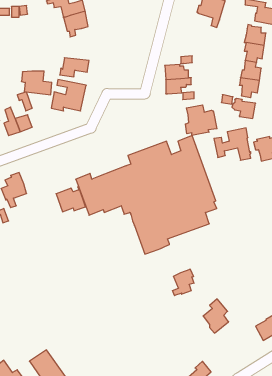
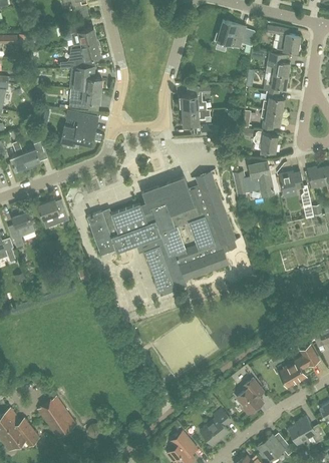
building: [21,71,52,95] -> [70,66,102,91]
building: [185,105,217,136] -> none
building: [56,187,85,212] -> [38,198,69,224]
building: [172,269,194,296] -> none
building: [203,299,229,333] -> [237,379,264,415]

